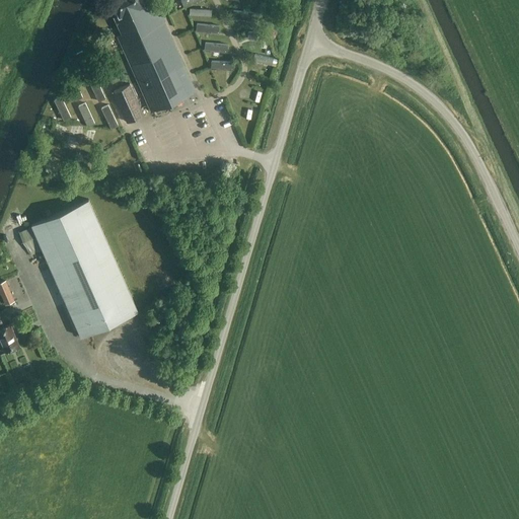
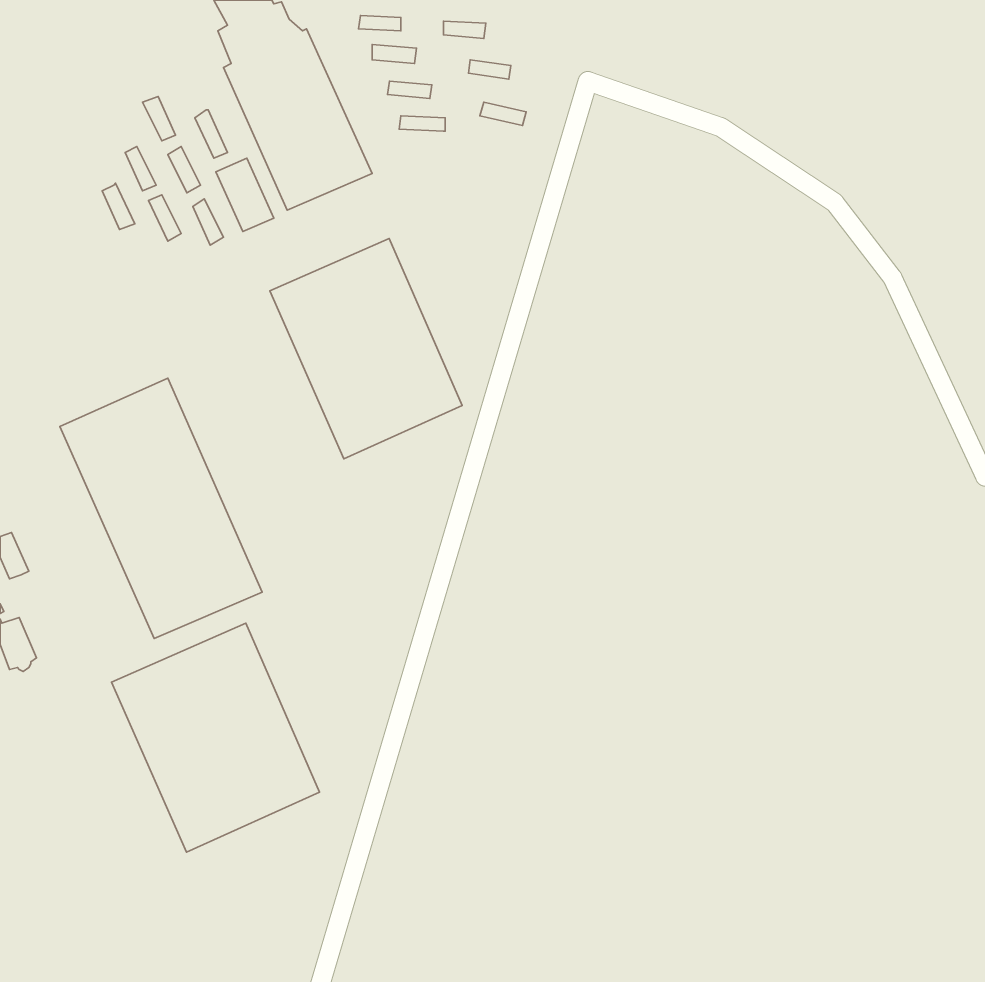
building: none -> [270,238,462,459]
building: none -> [111,623,319,852]

